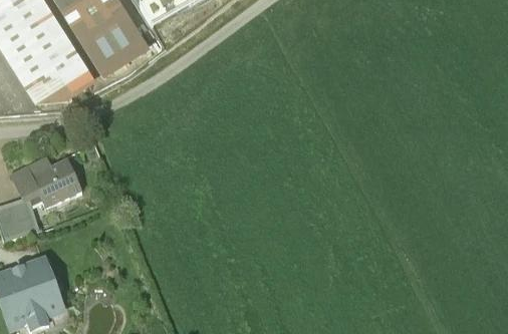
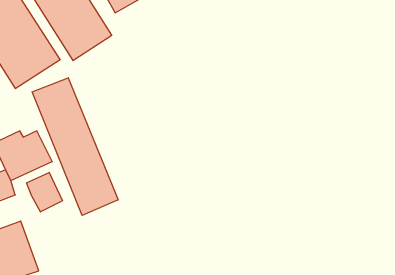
building: none -> [32,78,118,215]
building: none -> [27,172,62,212]

